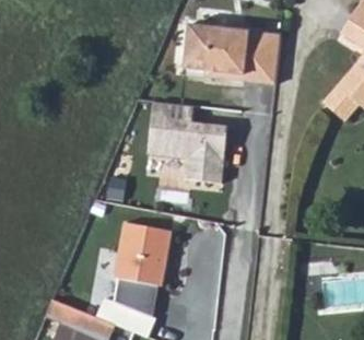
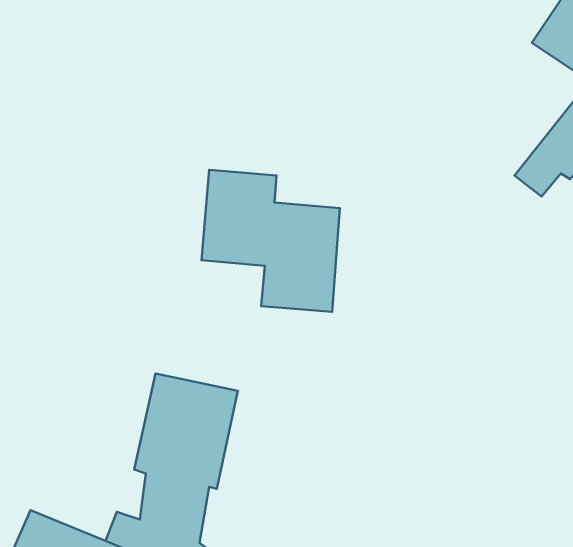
building: [180,23,278,87] -> none

